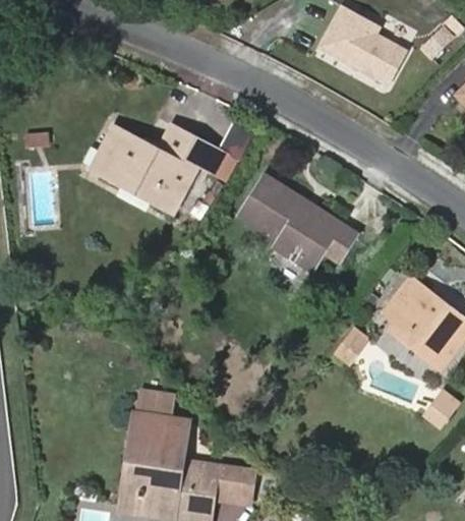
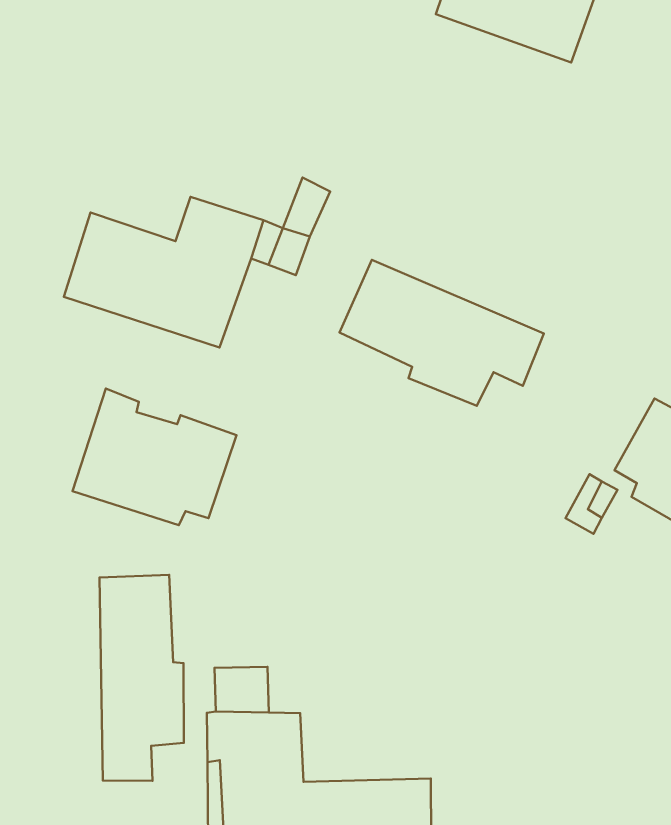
building: none -> [73,389,236,525]
building: none -> [99,575,184,781]

